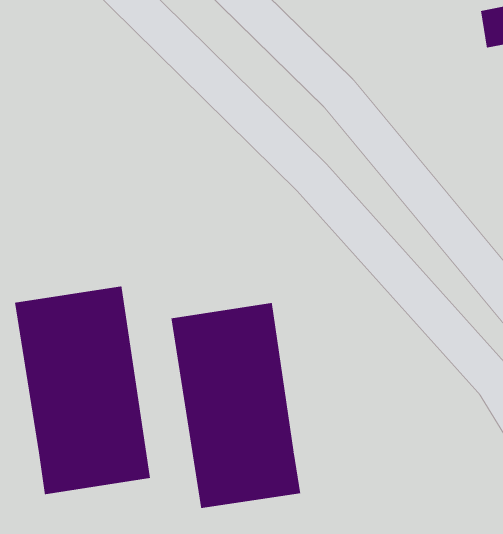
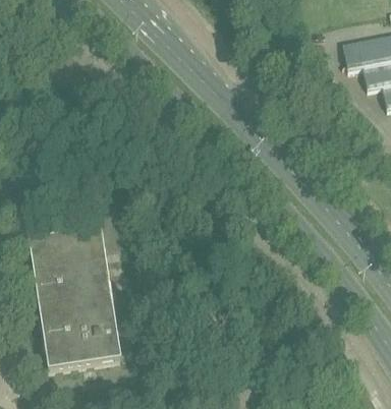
building: [171,302,301,509] -> none

